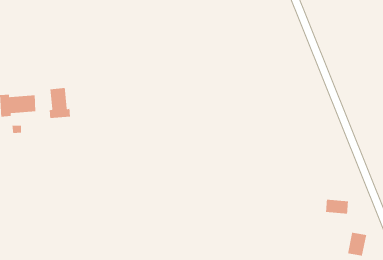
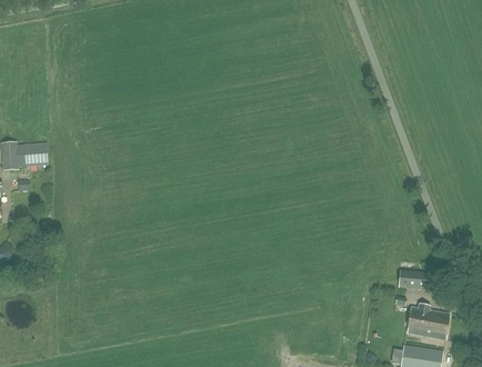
building: [49,87,71,119] -> none
building: none -> [405,302,430,336]

